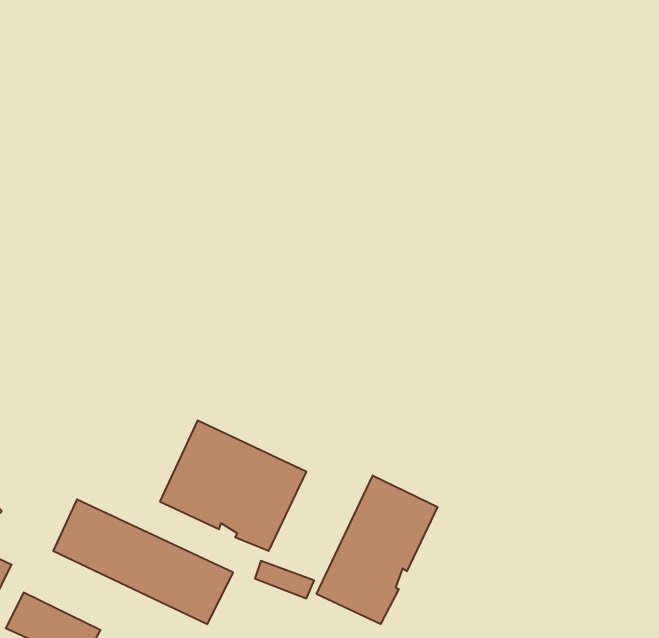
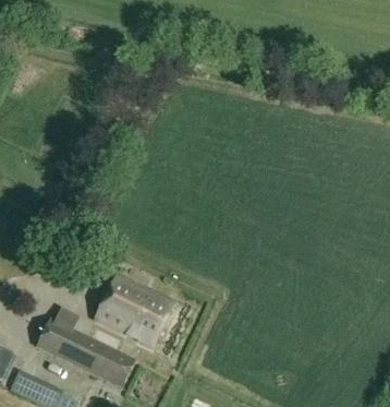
building: [317,475,438,624] -> none

